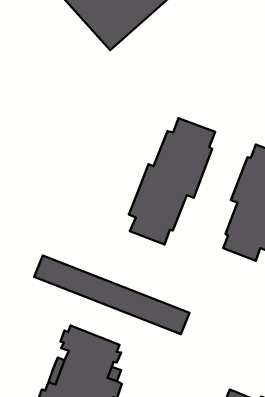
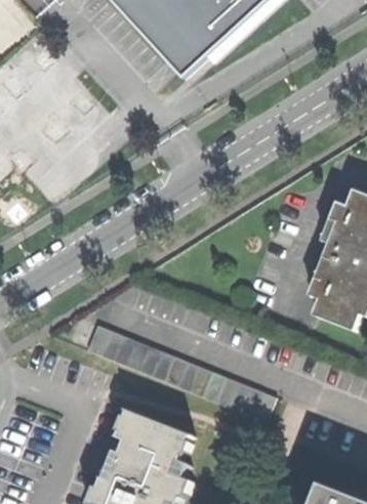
building: [129,118,215,244] -> none

